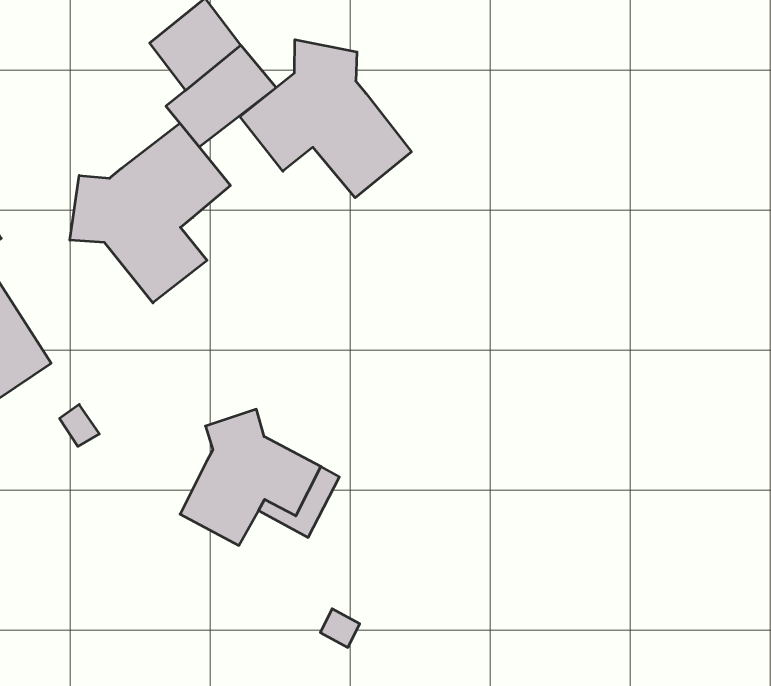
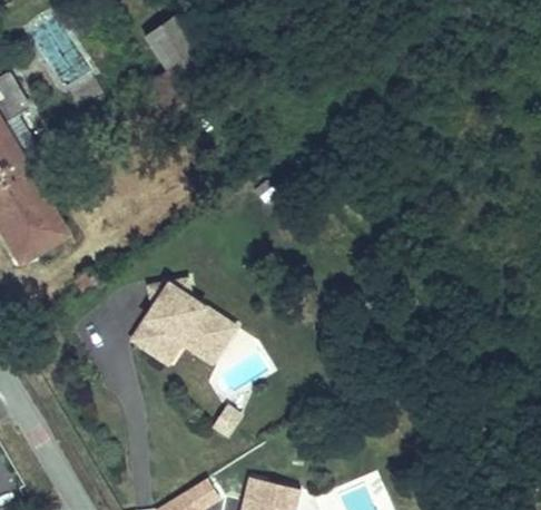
building: [240,40,411,198] -> none
building: [70,123,230,303] -> none

